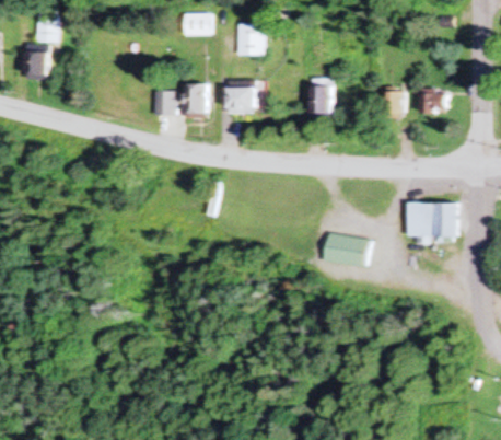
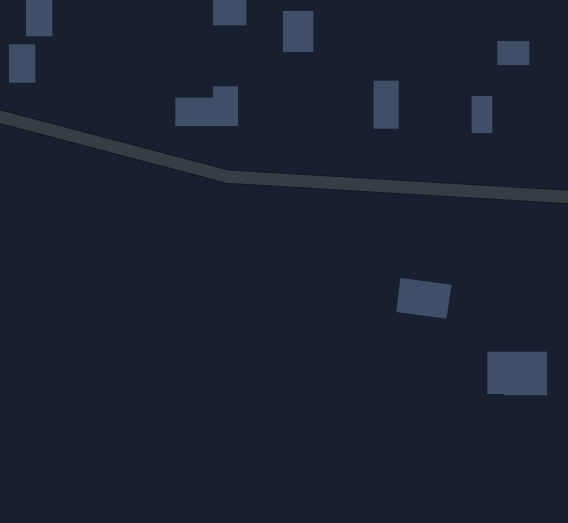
building: [225,79,255,113] -> none
building: [421,92,447,112] -> [497,40,530,66]
building: [408,202,456,238] -> [486,351,548,396]

